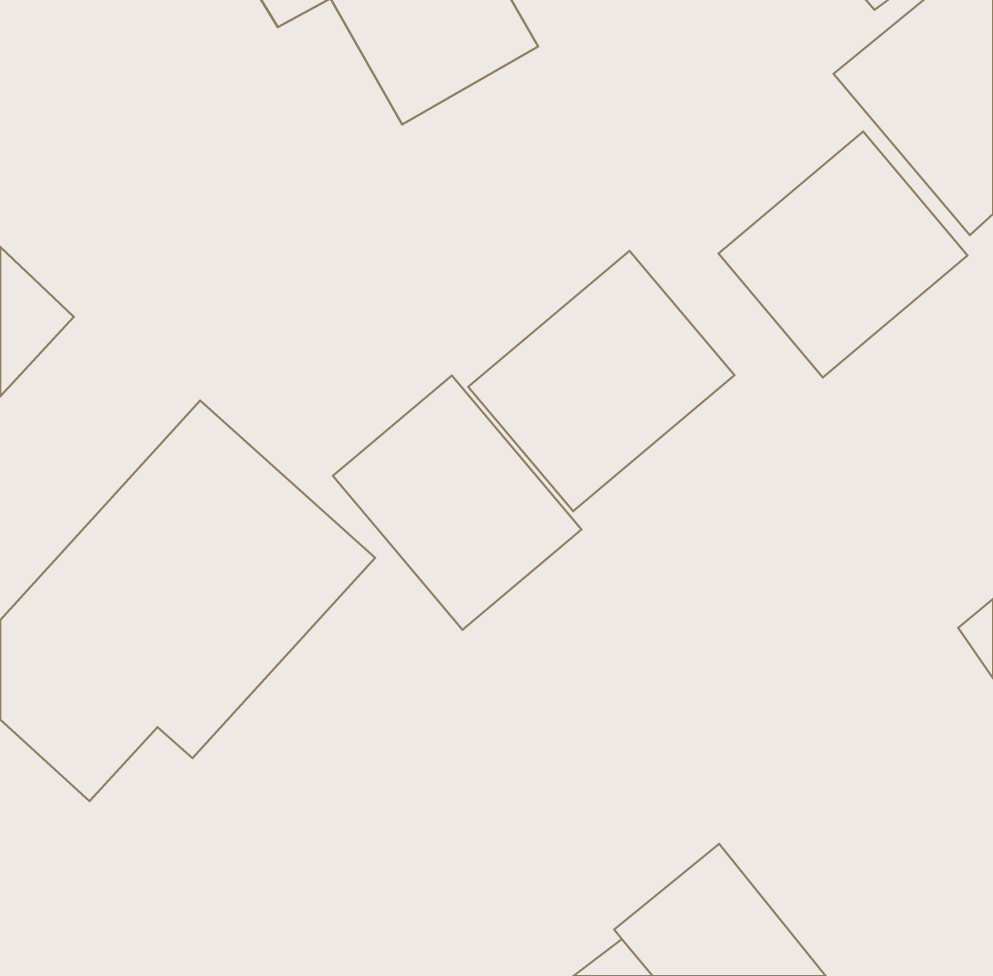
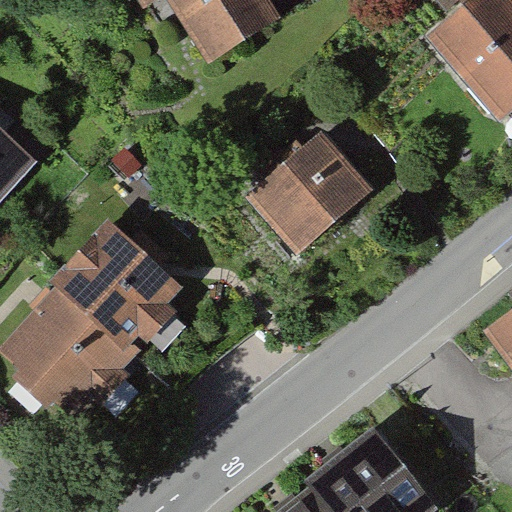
building: [718,131,968,378] -> none
building: [333,376,581,630] -> none

